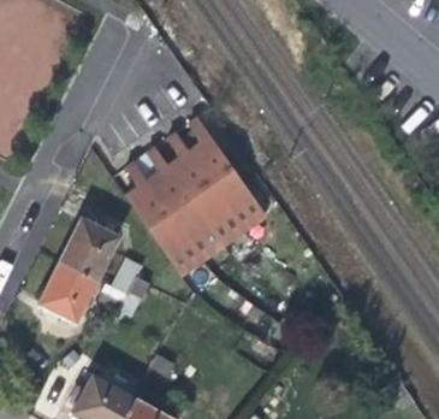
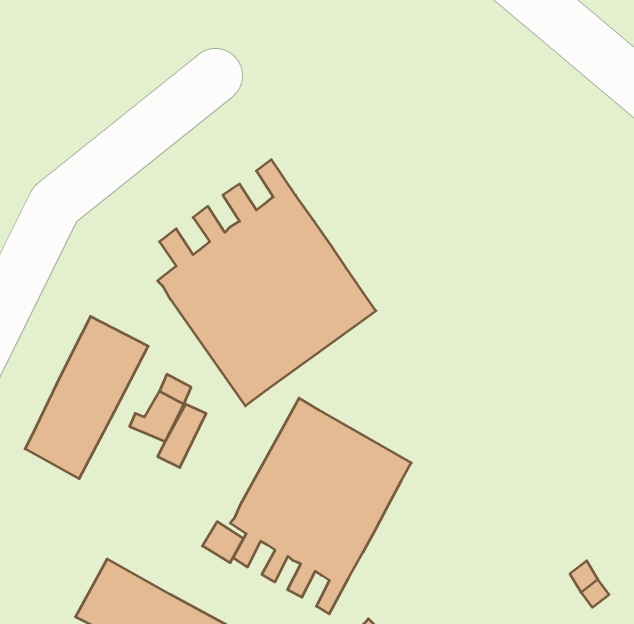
building: none -> [230,398,411,614]

